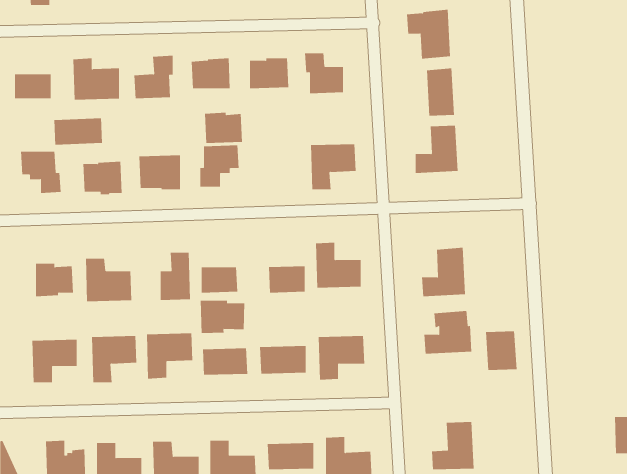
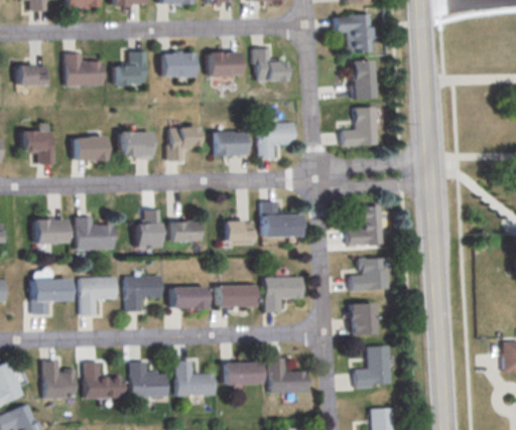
building: [204,112,243,143] -> [214,132,245,157]
building: [54,117,103,146] -> none
building: [200,300,245,334] -> none
building: [485,331,517,371] -> [351,304,377,336]

